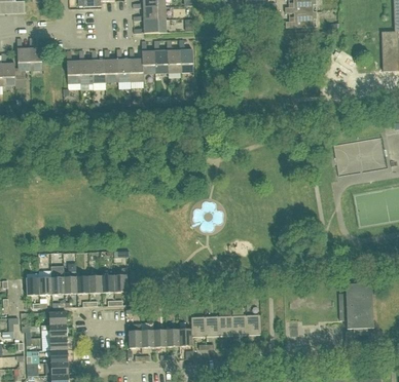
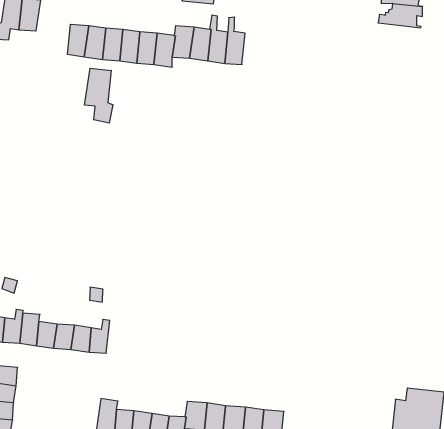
building: none -> [85,68,113,123]

